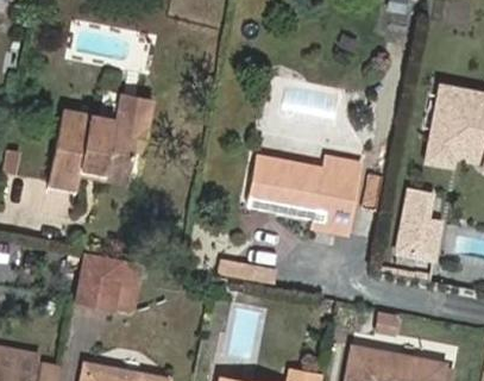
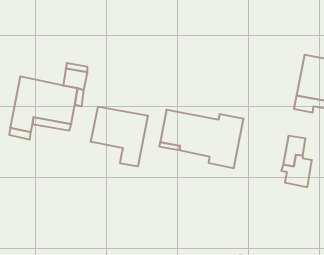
building: none -> [91,107,148,166]
building: [75,251,125,307] -> none

